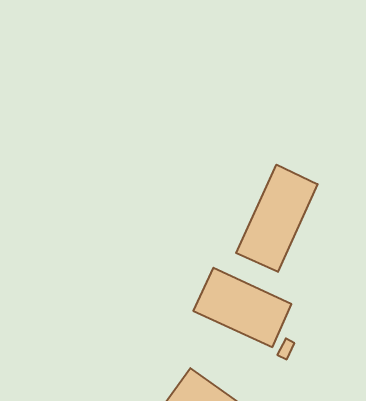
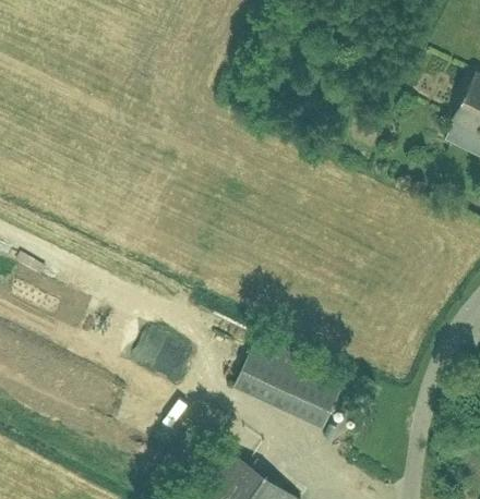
building: [236,165,318,272] -> none

